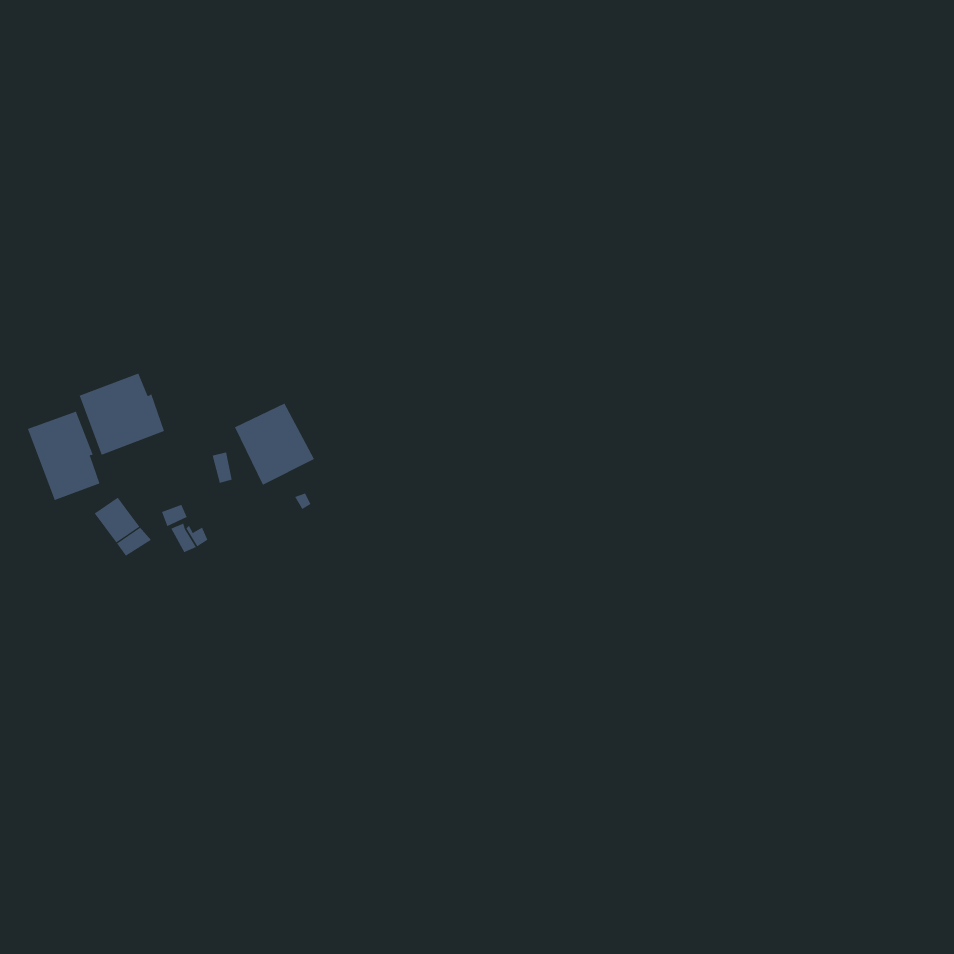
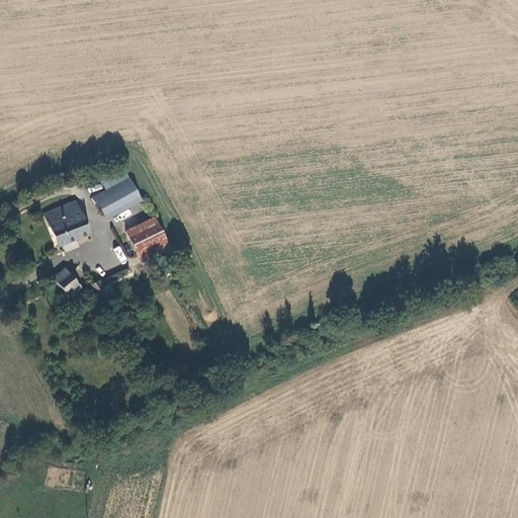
building: none -> [93,168,141,214]
building: [27,411,100,501] -> none

